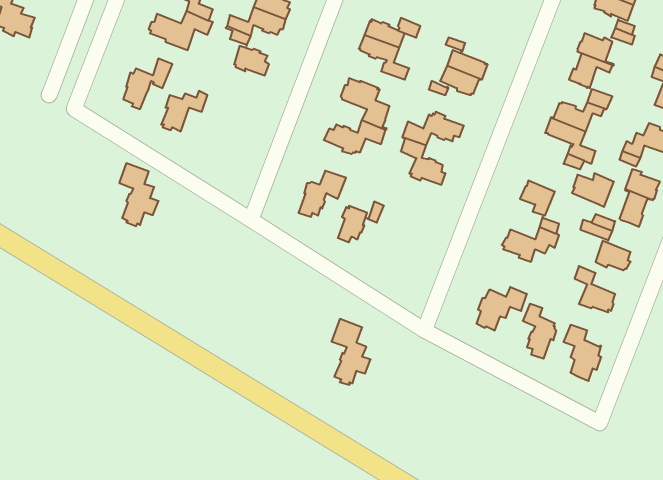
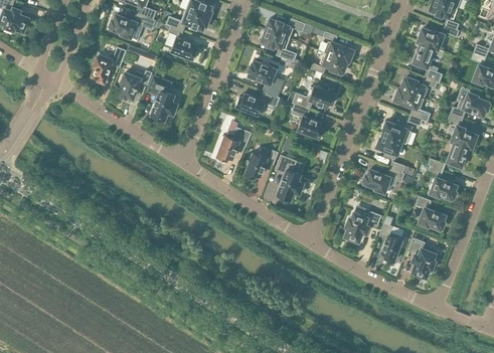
building: [119,163,159,226] -> [149,76,177,122]
building: [572,173,614,207] -> [382,120,413,144]
building: [331,319,371,385] -> [275,154,303,201]

